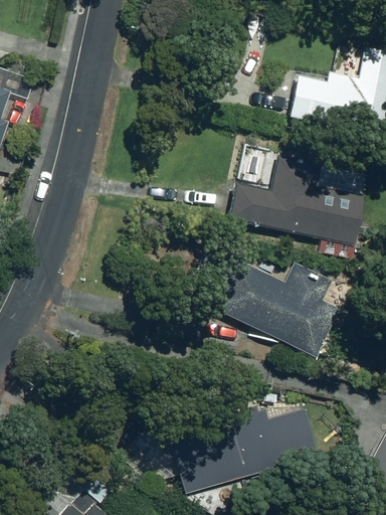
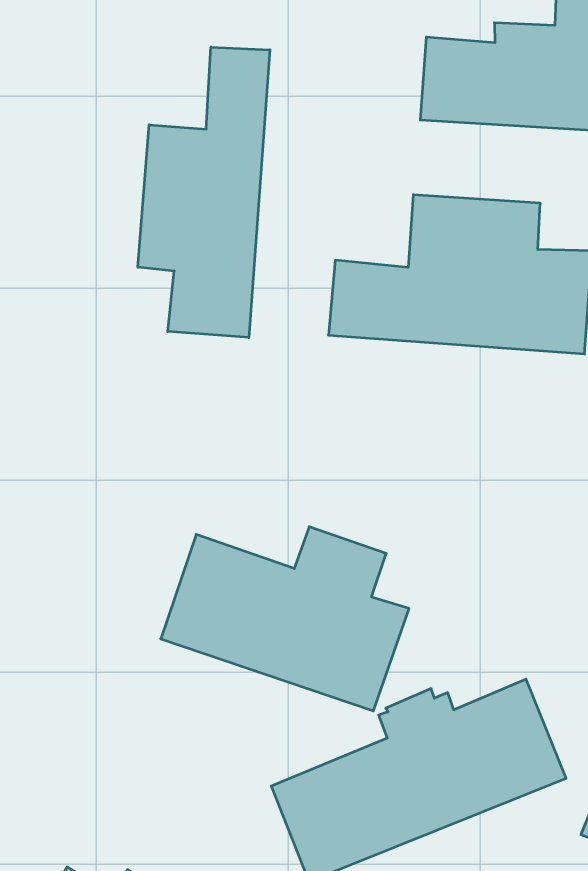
building: none -> [138,47,270,338]
building: [214,259,341,358] -> [161,527,409,711]

